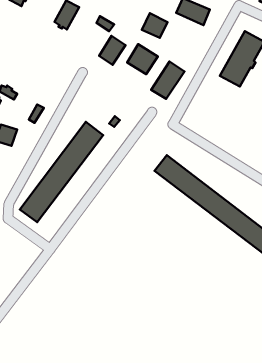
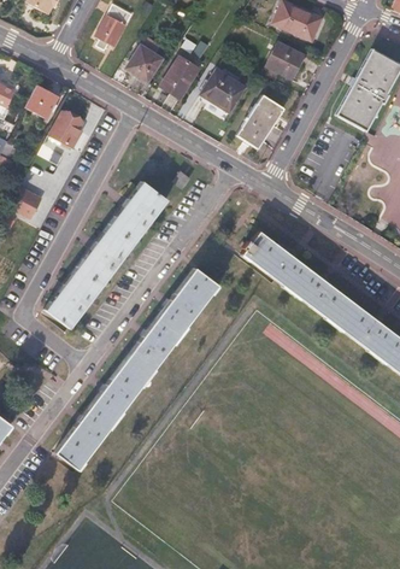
building: [142,13,167,38] -> [266,42,304,78]
building: none -> [128,45,164,82]
building: none -> [25,84,60,121]
building: none -> [49,111,88,148]
building: none -> [55,268,218,470]

